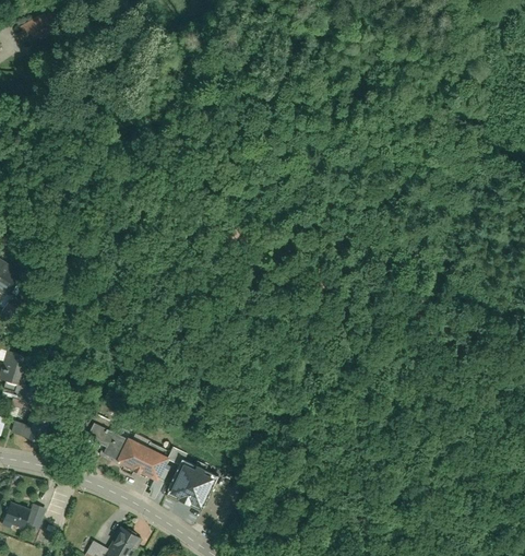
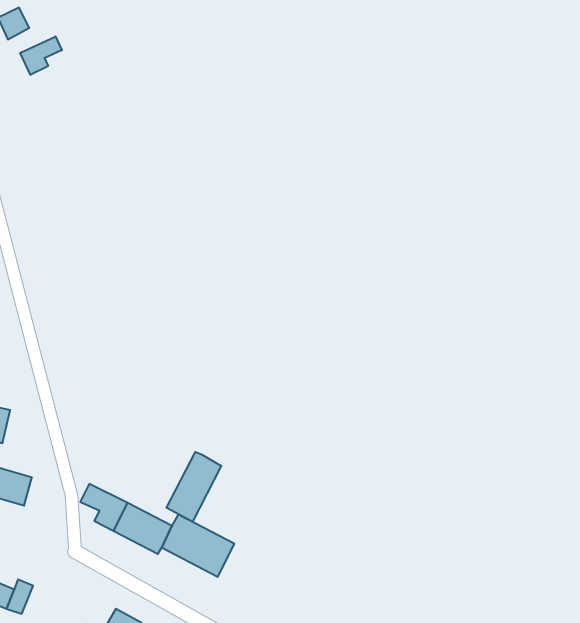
building: none -> [20,36,62,75]
building: none -> [167,452,221,522]

